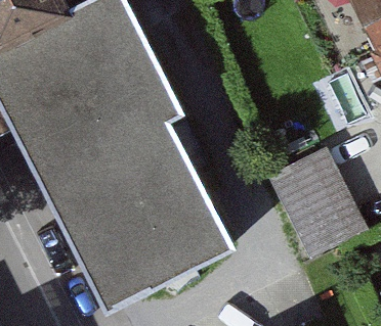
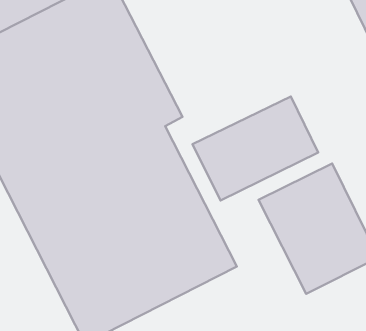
building: none -> [192,96,318,201]

